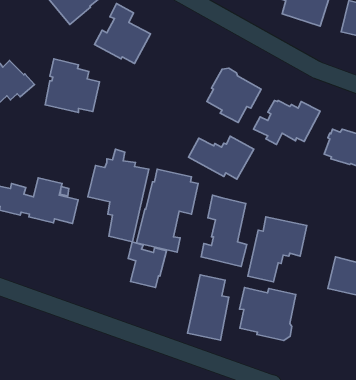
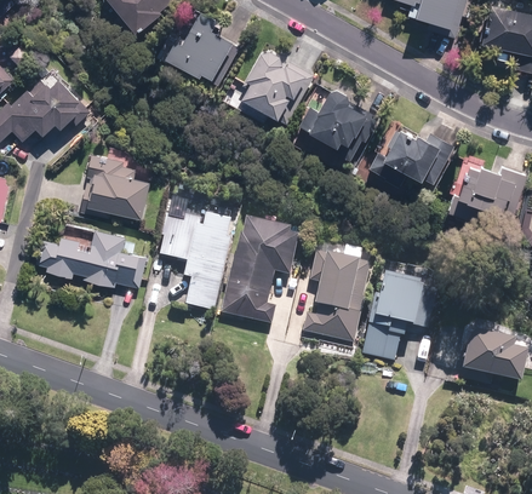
building: none -> [240,51,313,122]
building: [45,59,99,112] -> [80,153,149,220]
building: [188,136,254,179] -> none
building: [128,242,166,288] -> none
building: [188,275,229,340] -> none
building: [239,287,296,341] -> none

